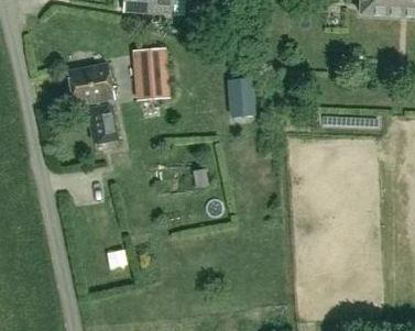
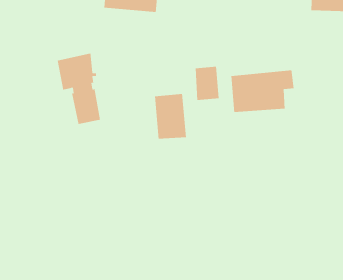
building: [132,46,170,99] -> [154,93,187,139]
building: none -> [231,70,294,113]

